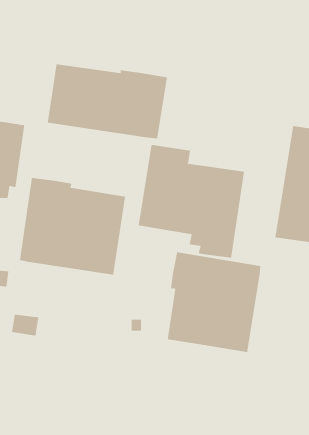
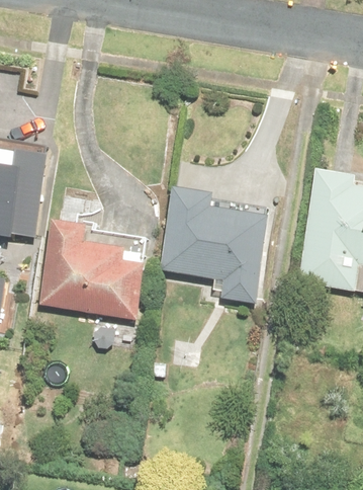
building: [47,63,168,139] -> none
building: [167,251,261,353] -> none

